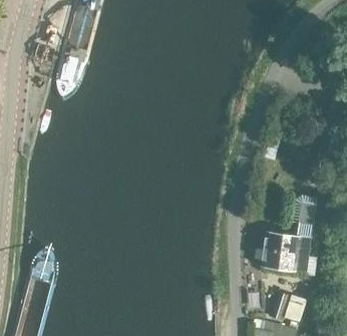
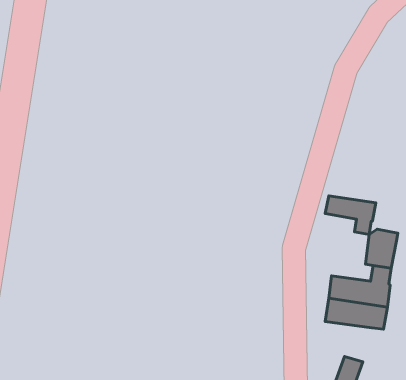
building: none -> [325,196,376,234]

